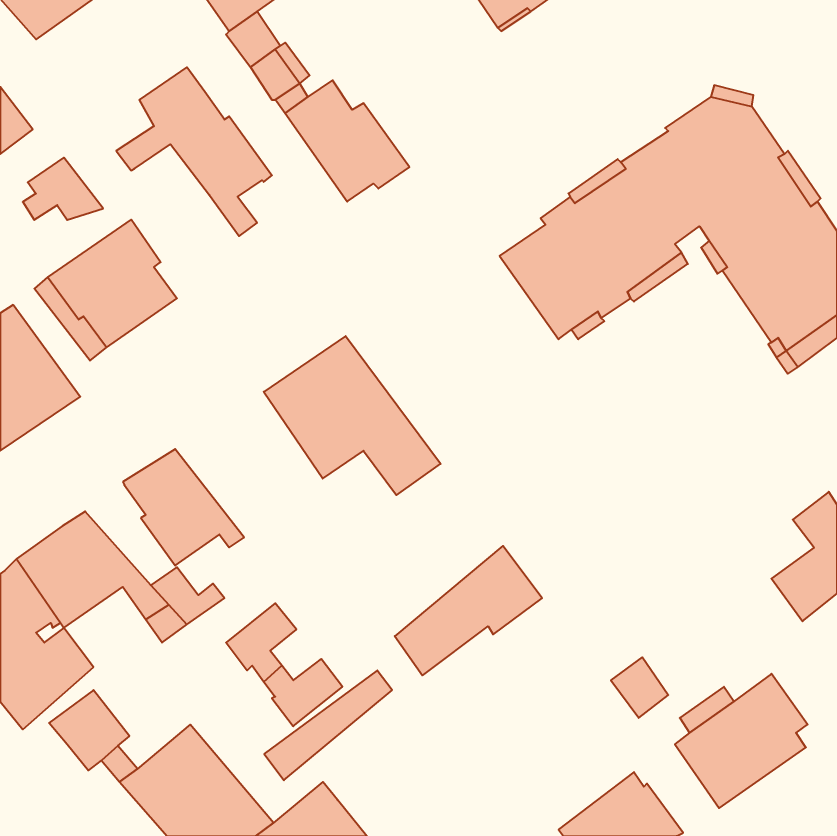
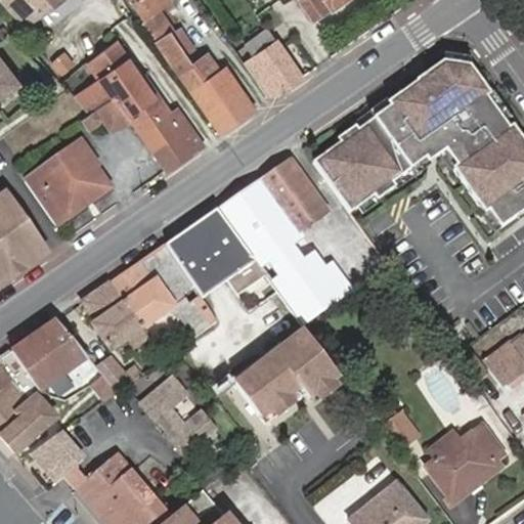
building: none -> [242,26,300,97]
building: [23,158,103,220] -> [81,90,131,129]
building: none -> [148,106,203,169]
building: none -> [216,157,386,323]
building: none -> [110,245,216,345]
building: [264,670,392,780] -> [234,329,314,397]

